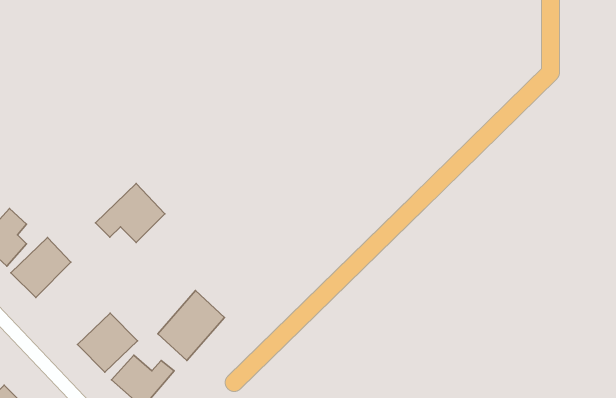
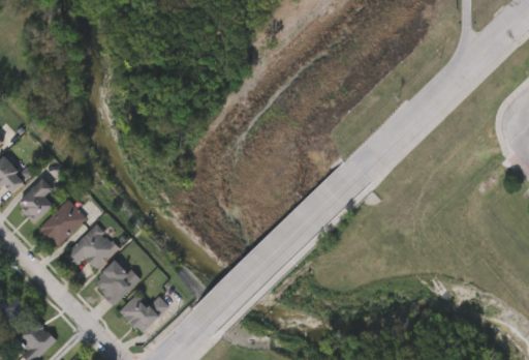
building: [96,184,165,243] -> [64,223,119,270]
building: [158,291,224,360] -> none

